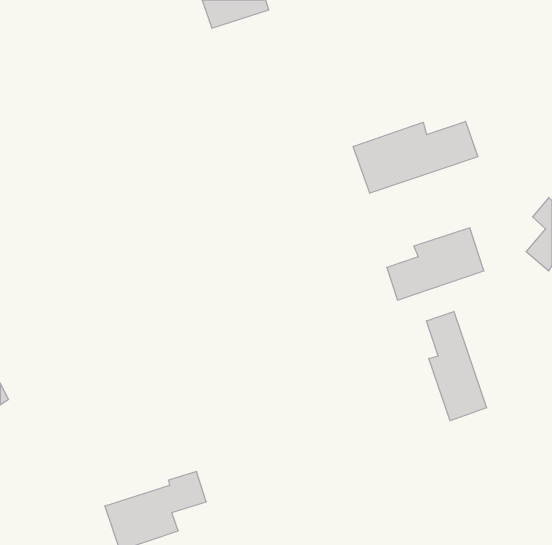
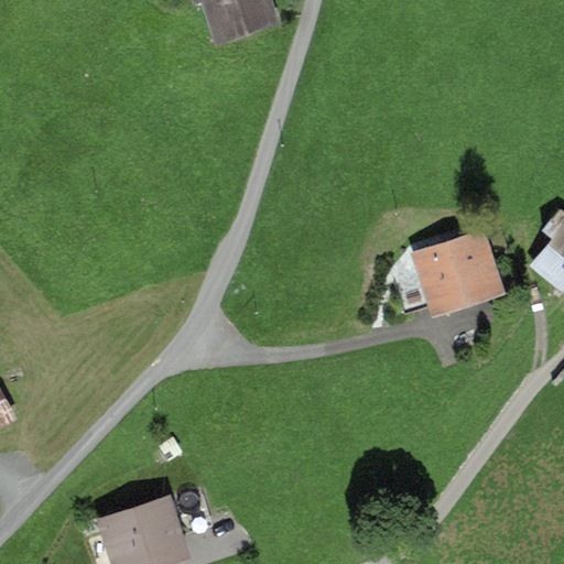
building: [353,121,478,193] -> none
building: [427,311,487,421] -> none

